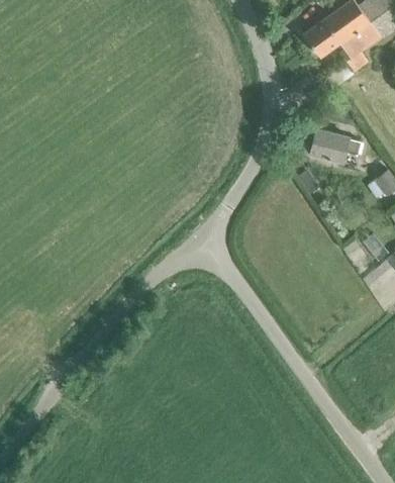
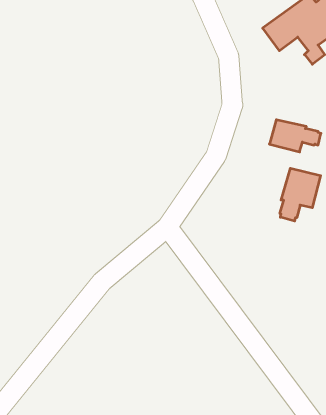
building: none -> [280,168,321,221]

